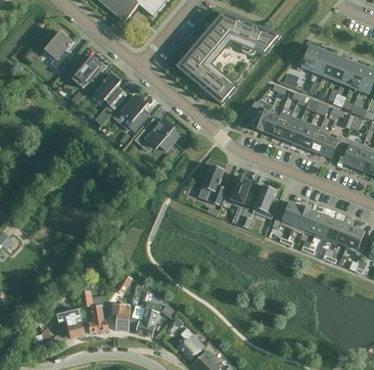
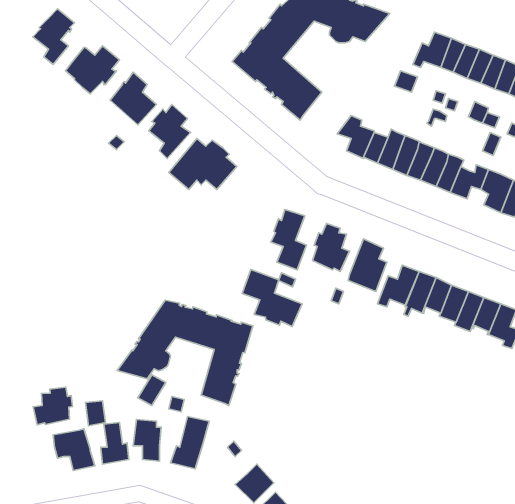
building: none -> [242,269,302,327]
building: none -> [117,300,253,405]
building: none -> [33,387,72,425]

